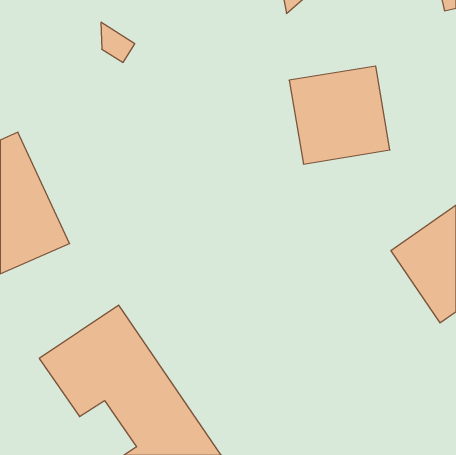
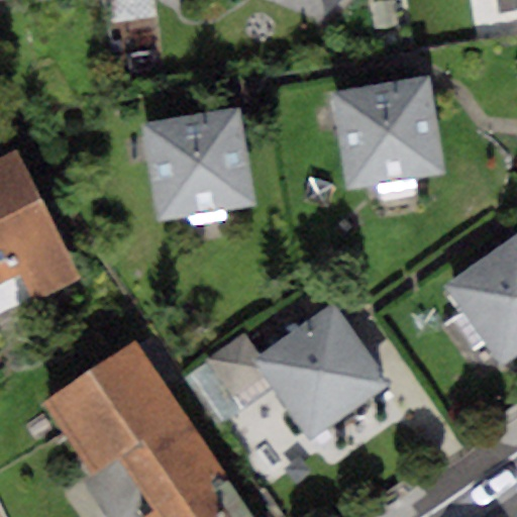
building: none -> [142,108,255,220]
building: none -> [209,305,390,443]

